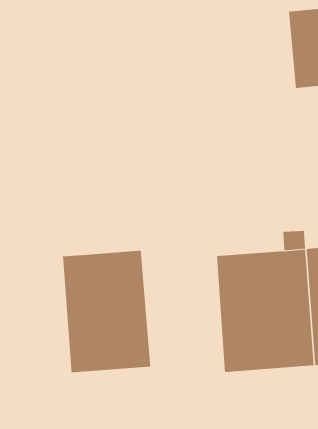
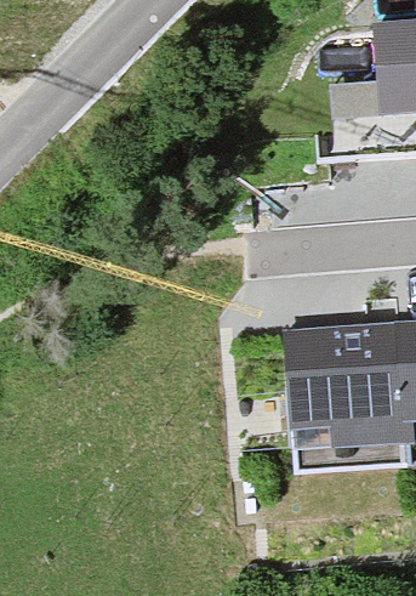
building: [62,250,151,373] -> none

